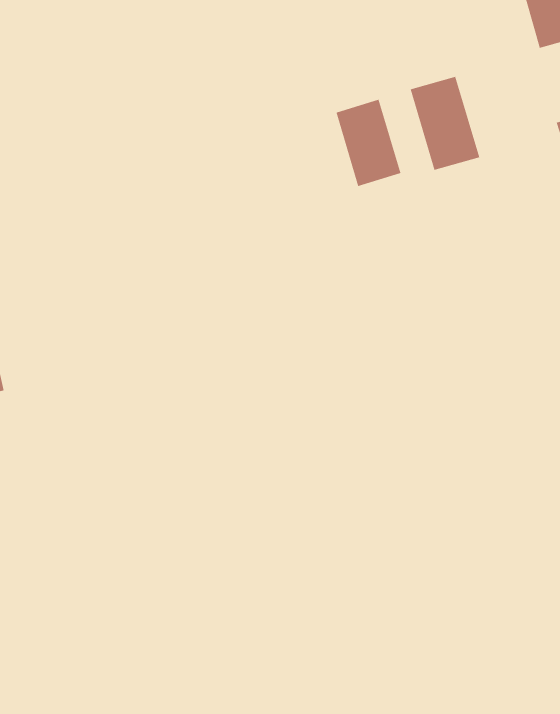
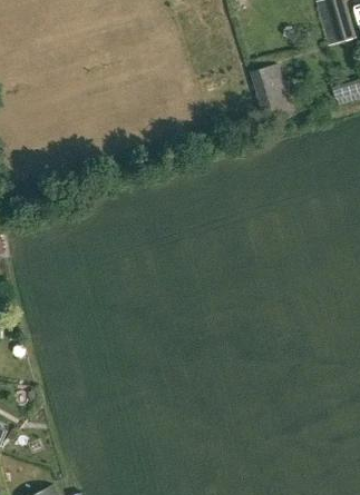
building: [336,99,401,187] -> none

